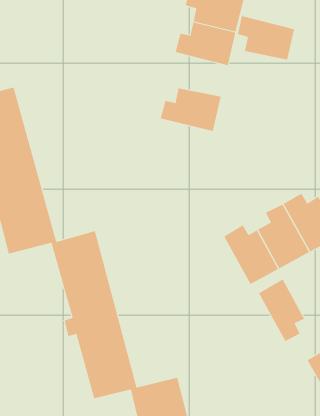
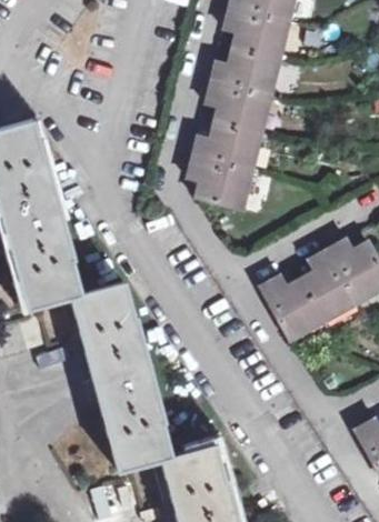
building: [237,15,295,60] -> [208,82,272,132]
building: none -> [191,157,256,210]
building: [258,279,305,342] -> none

